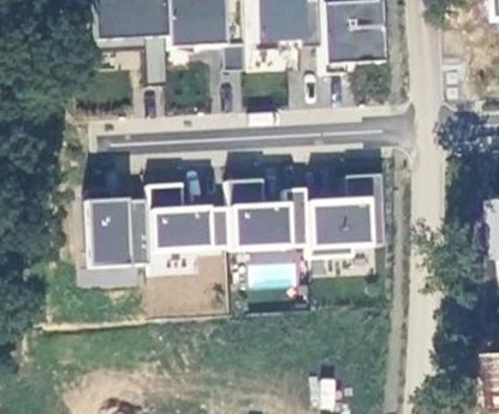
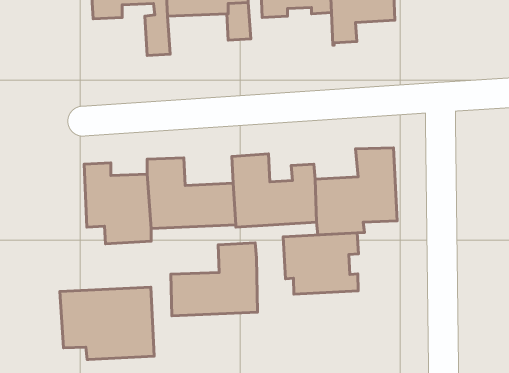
building: none -> [283,233,358,294]
building: none -> [171,243,258,316]
building: none -> [60,287,154,359]

